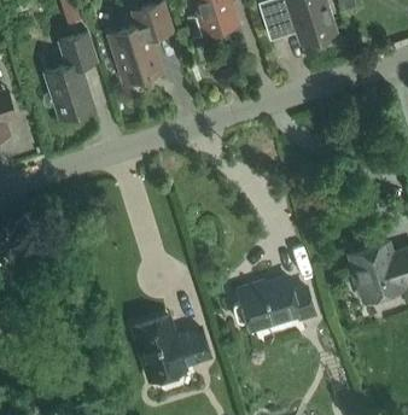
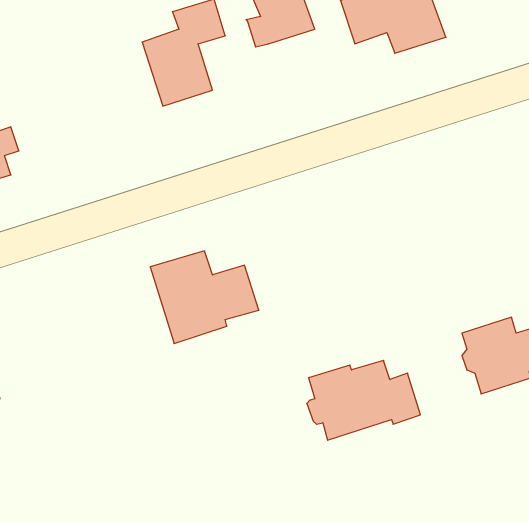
building: [45,33,97,119] -> none
building: [130,314,212,384] -> [150,251,259,344]

